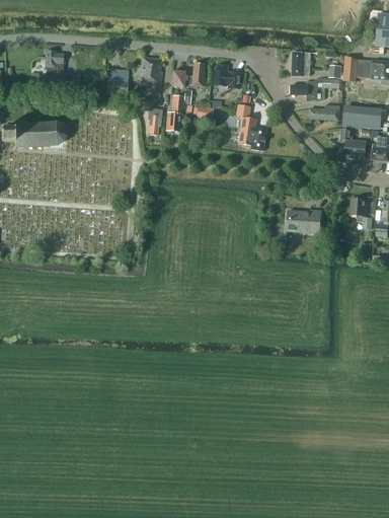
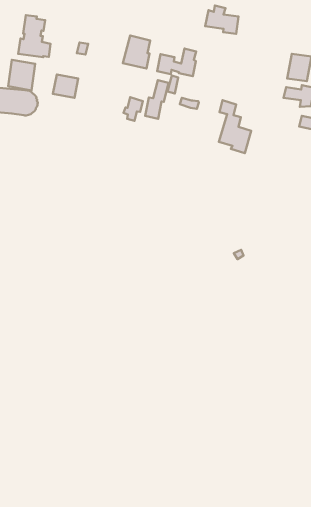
building: [211,64,240,87] -> [205,5,239,34]
building: [107,75,129,94] -> [53,75,78,98]
building: none -> [8,60,35,90]
building: [288,209,321,231] -> none

